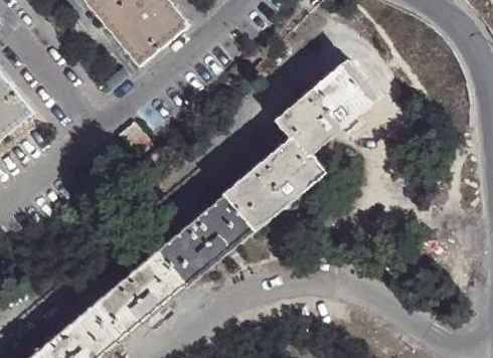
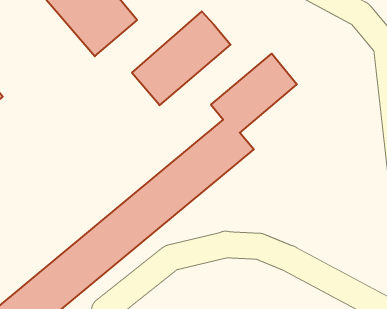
building: none -> [132,11,231,105]

